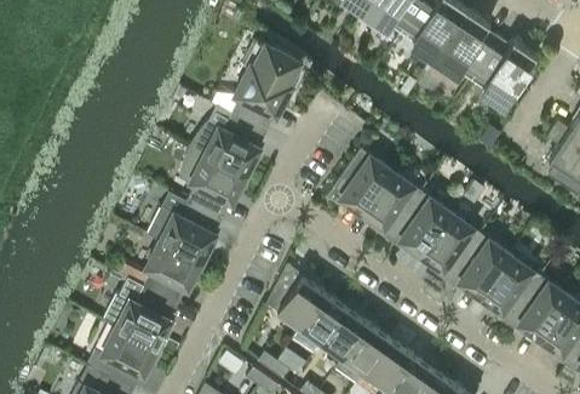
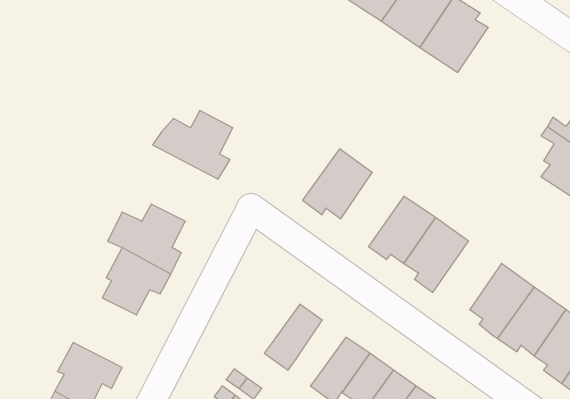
building: [232,34,305,130] -> none
building: [470,38,538,102] -> none
building: [179,145,249,216] -> none
building: [362,171,420,239] -> none
building: [447,234,510,297] -> none
building: [265,276,325,327] -> none
building: [103,286,174,350] -> none
building: [321,307,367,358] -> none

